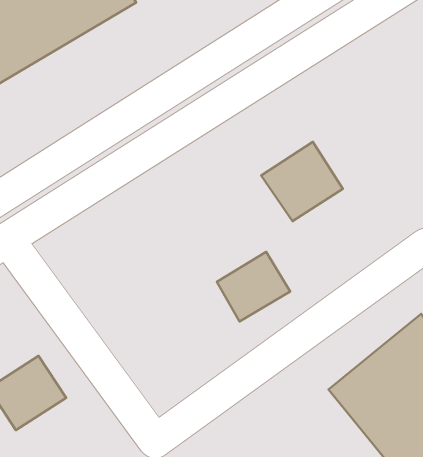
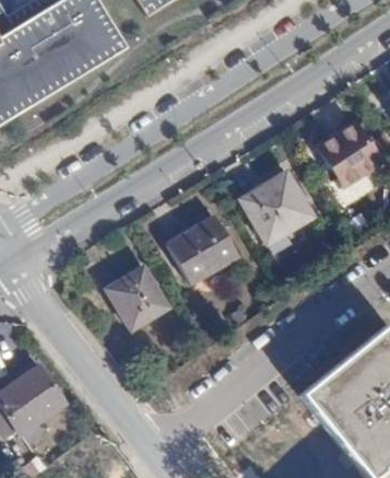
building: none -> [320,127,382,189]
building: none -> [105,265,166,327]
building: [217,252,290,321] -> [170,223,237,287]

